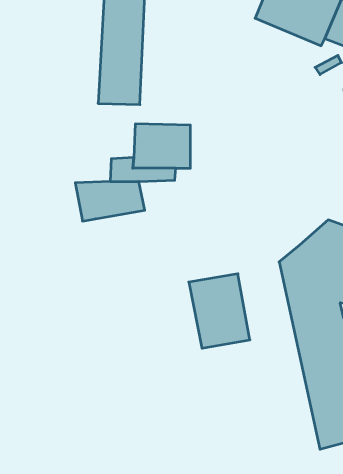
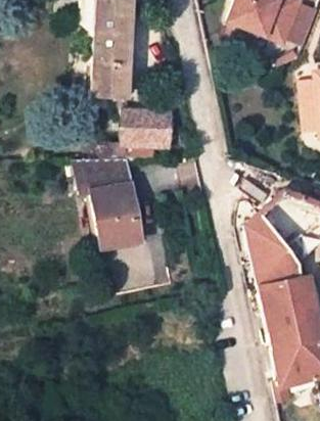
building: [189,274,250,348] -> [90,184,142,247]

